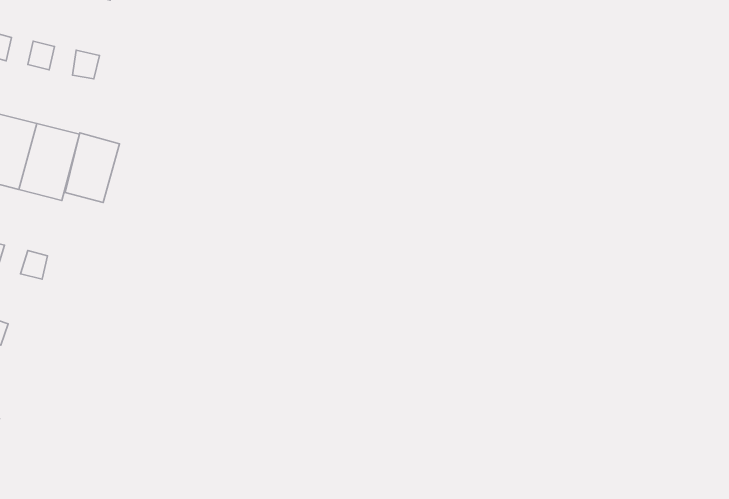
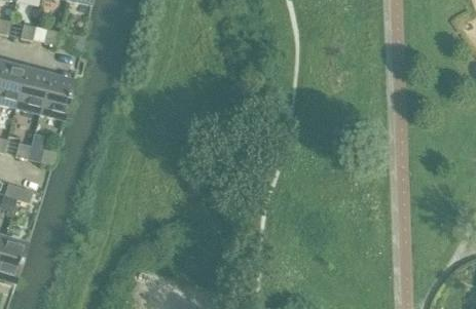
building: [65,133,120,203] -> none

